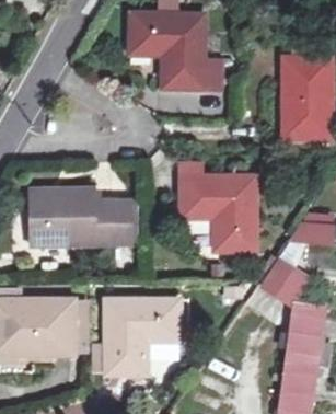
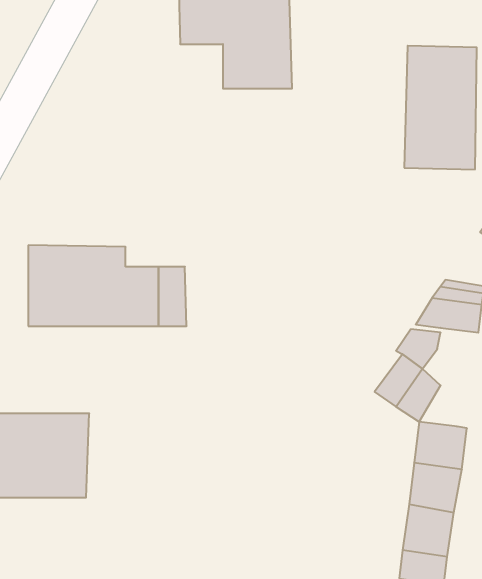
building: [181,176,256,250] -> none
building: [102,301,171,391] -> none

